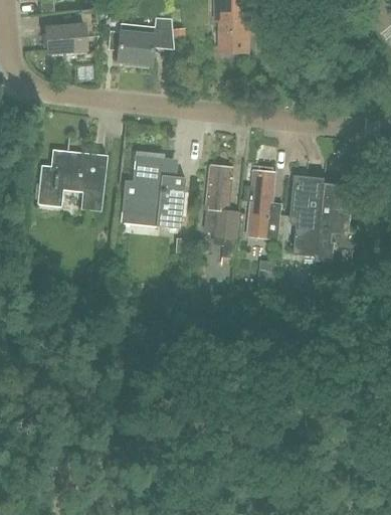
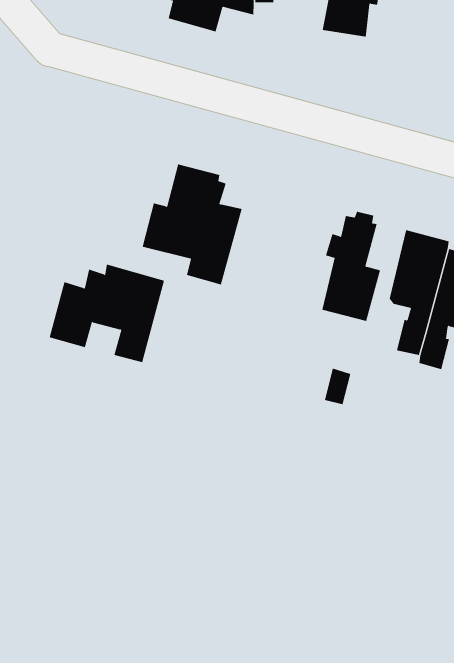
building: [34,150,105,211] -> [49,264,165,363]
building: [205,167,239,258] -> none

